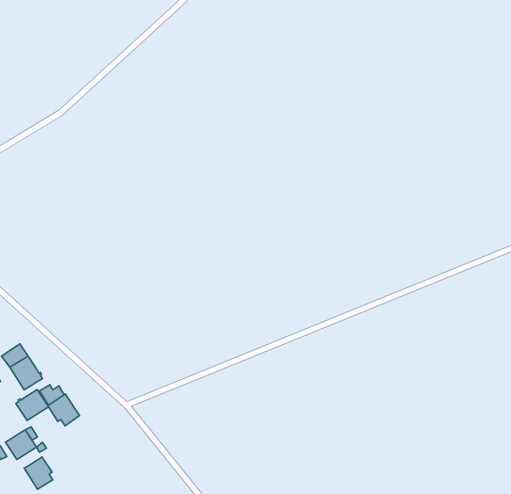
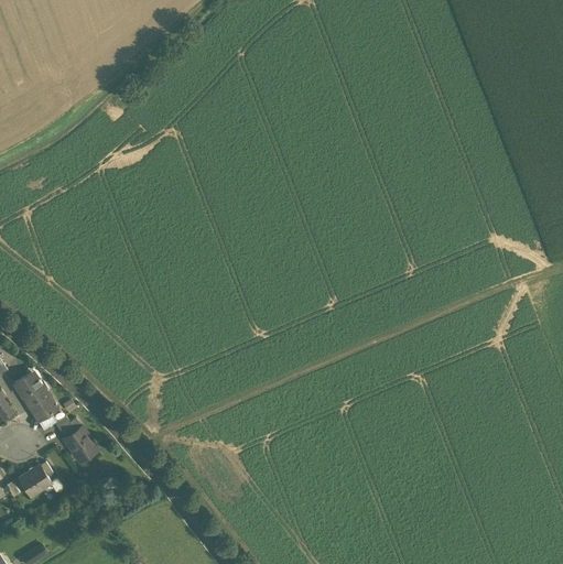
building: [16,390,49,421] -> none
building: [24,457,53,489] -> none

